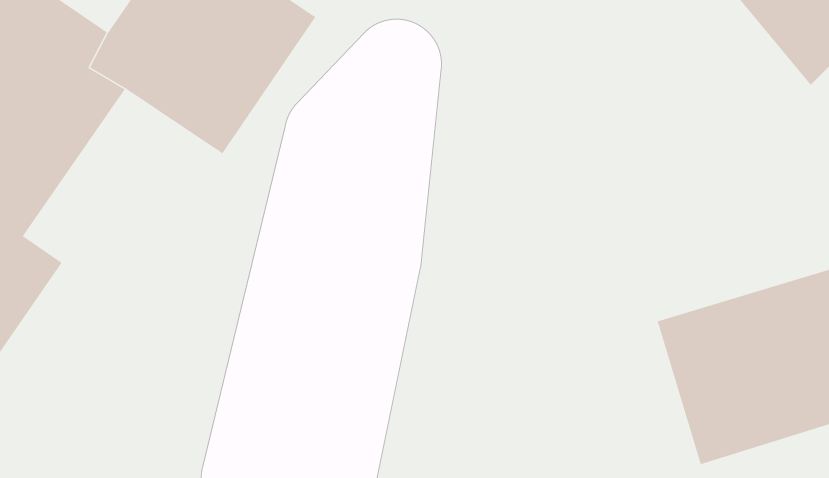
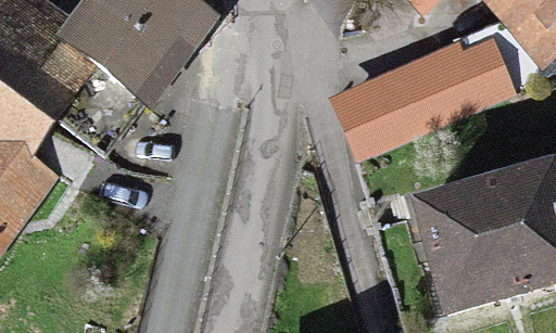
building: none -> [339,42,513,158]

